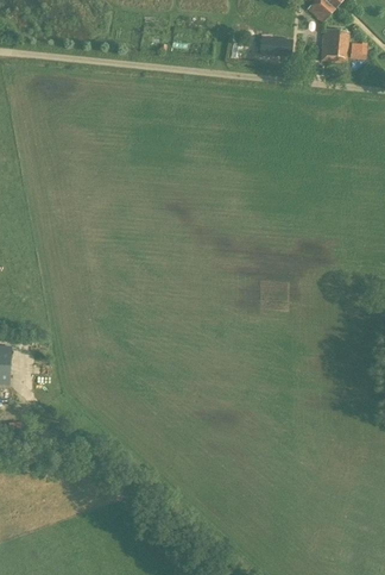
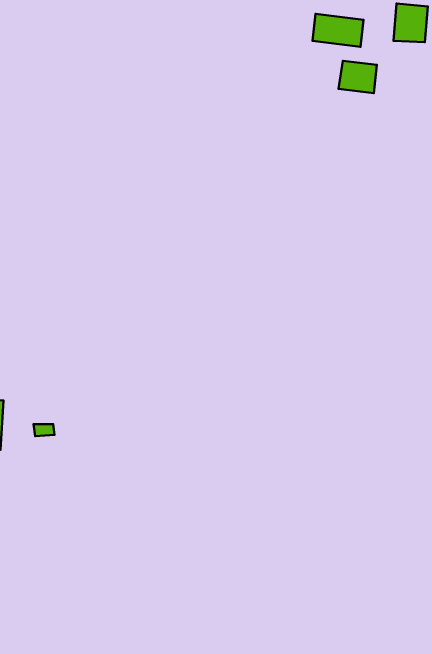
building: none -> [338,61,377,93]

